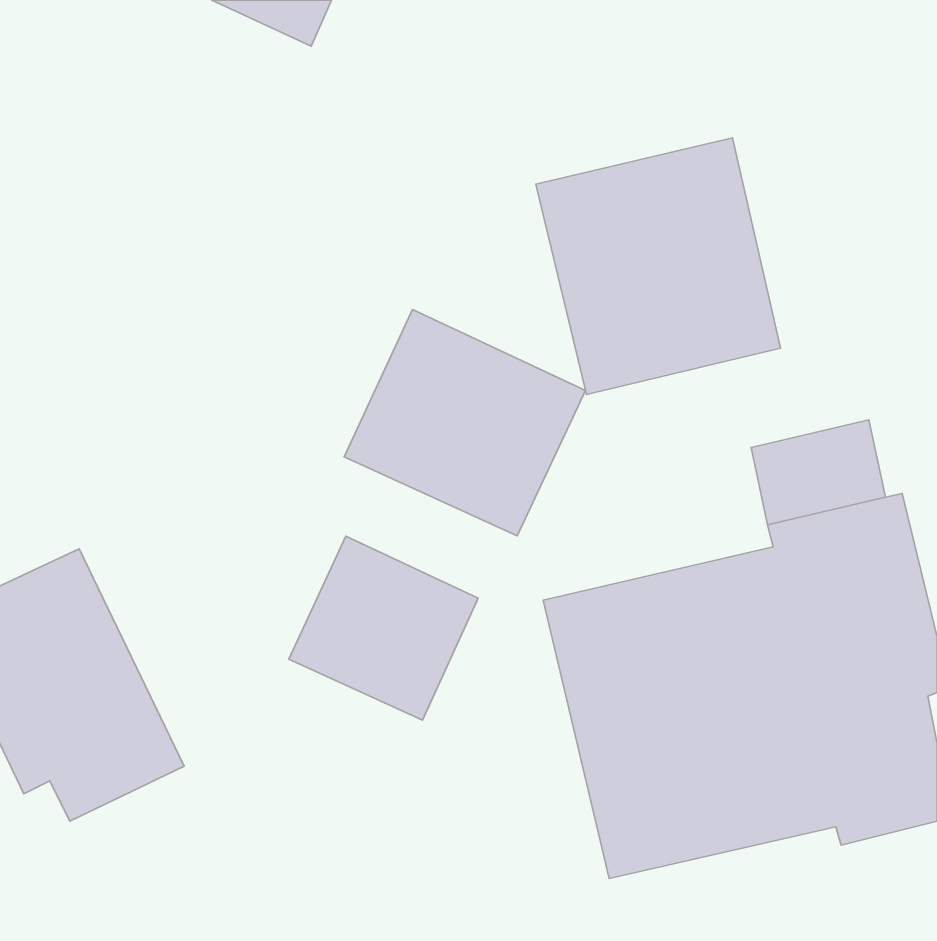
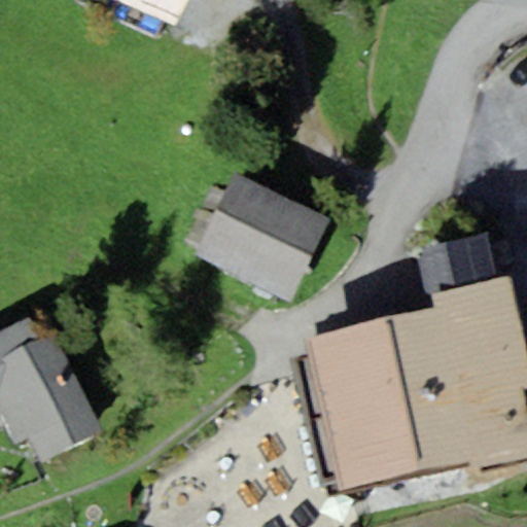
building: [536,138,781,394] -> none
building: [289,536,478,720] -> none

